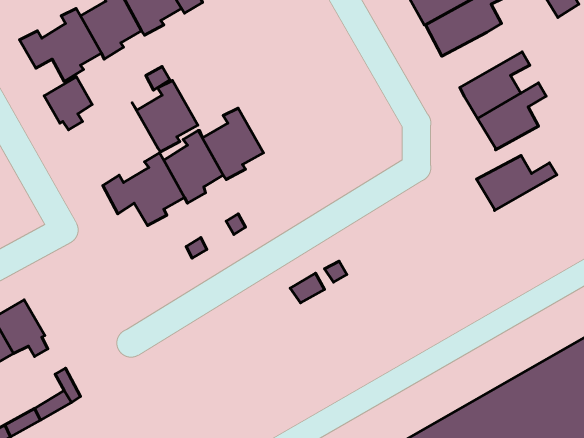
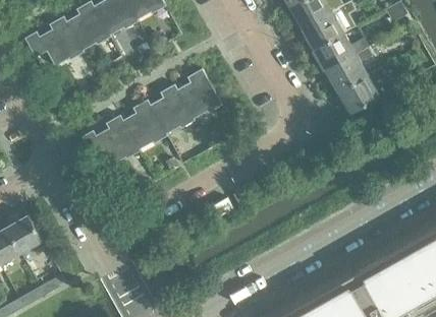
building: [44,77,92,130] -> none
building: [132,80,198,152] -> [173,70,218,119]
building: [477,156,557,211] -> [313,34,368,71]

